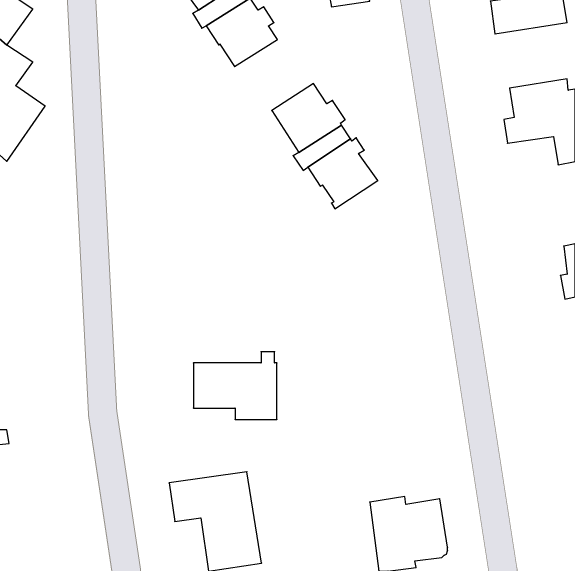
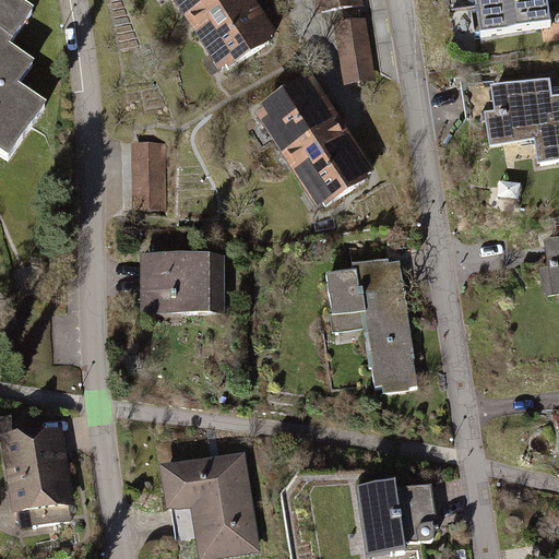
building: none -> [340,20,369,78]
building: none -> [132,139,168,203]
building: none -> [326,257,417,389]
building: [193,352,277,419] -> [141,245,222,310]
building: none -> [7,430,70,523]

